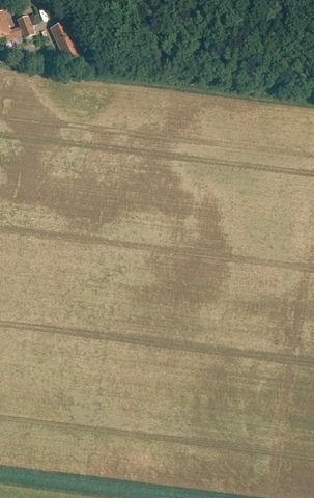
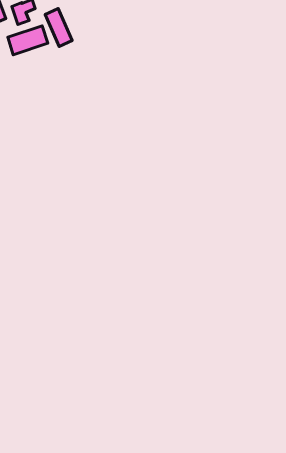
building: none -> [8,26,48,55]

